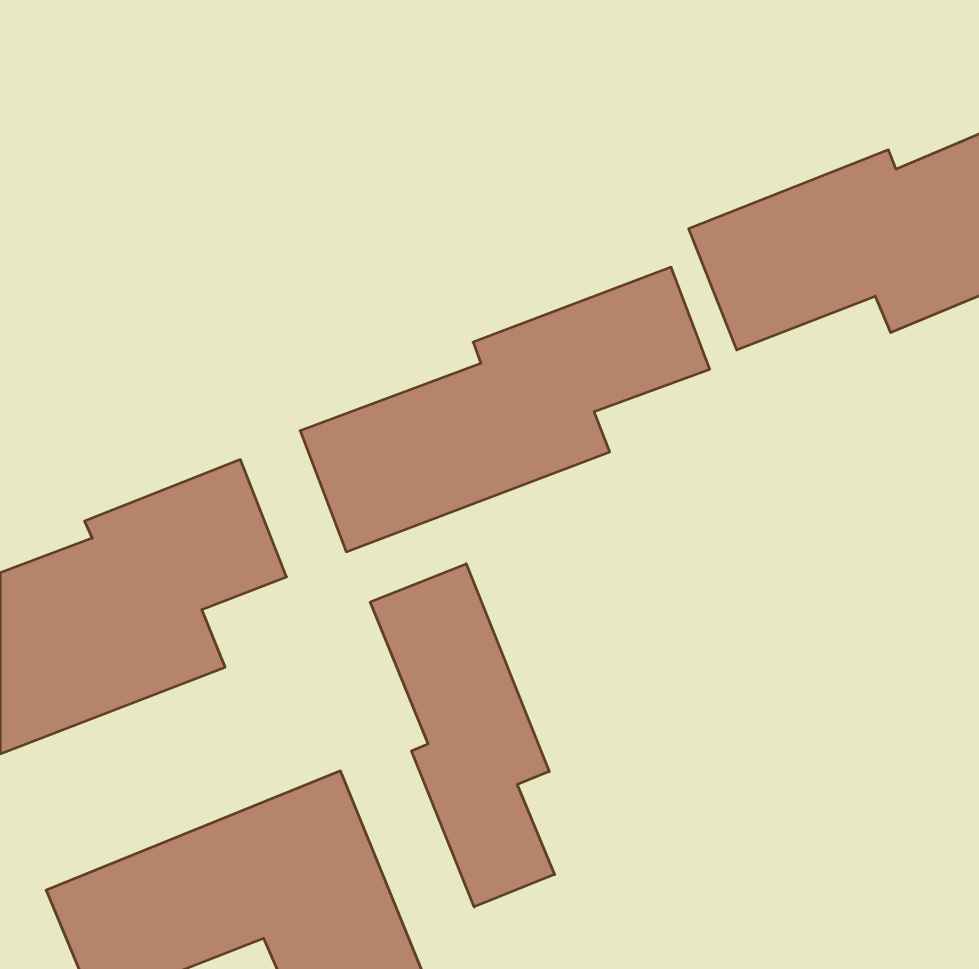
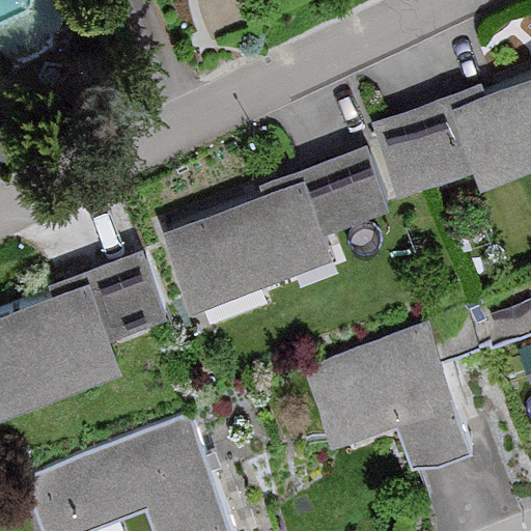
building: [370,564,555,907] -> none
building: none -> [307,330,472,473]

